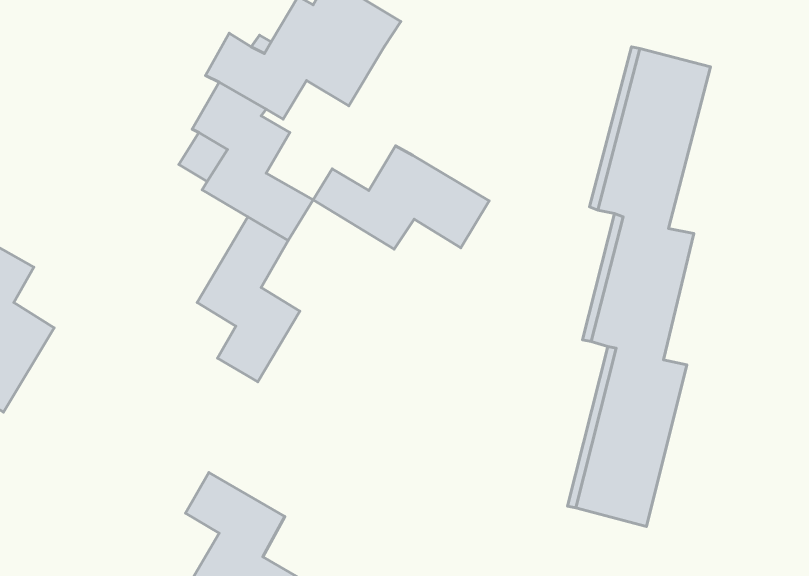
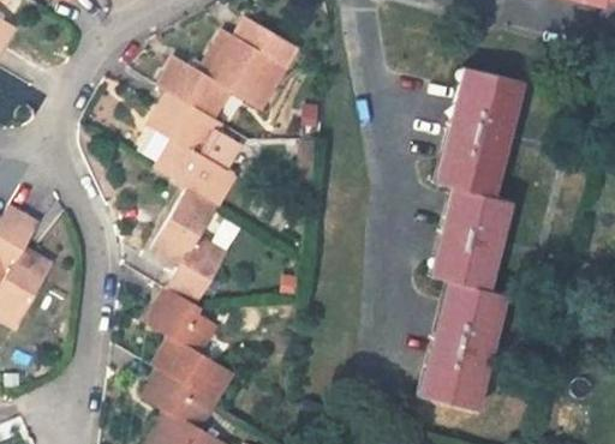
building: [313,146,489,249] -> none
building: none -> [148,288,234,401]

